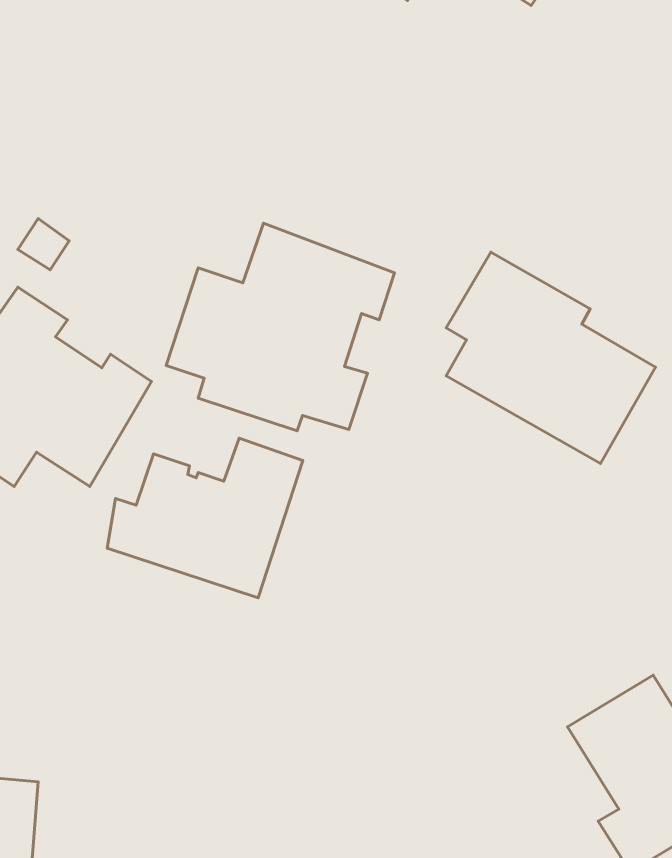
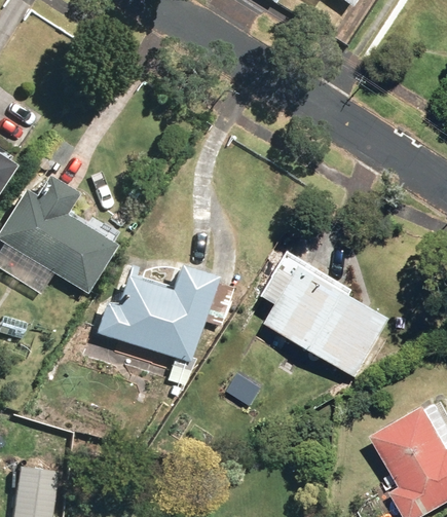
building: [166,223,394,431] -> none
building: [446,252,656,463] -> [263,251,388,377]

